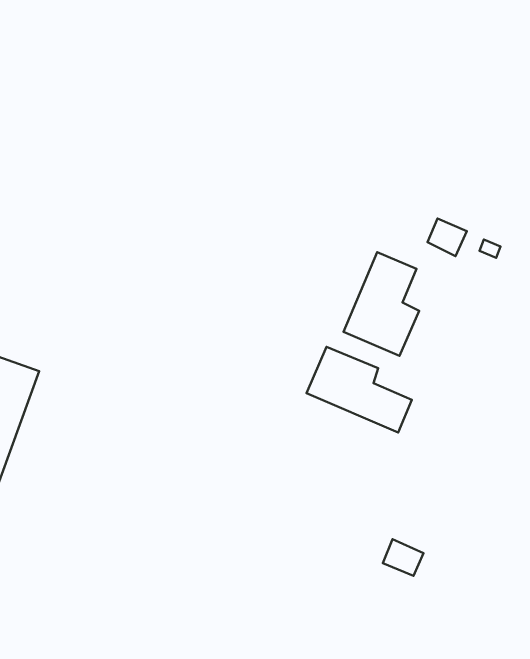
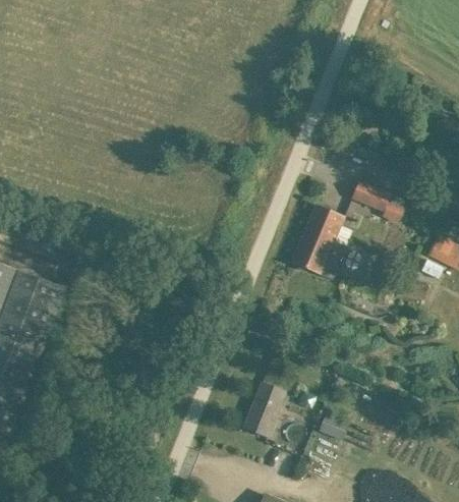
building: [307,347,412,432] -> none
building: none -> [241,380,282,435]

